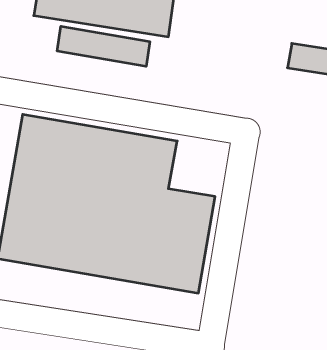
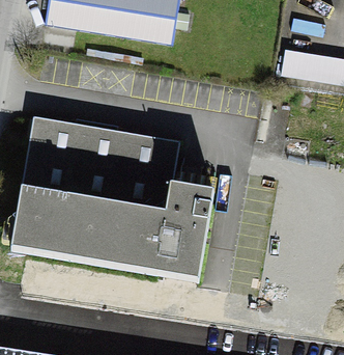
building: [57,26,150,66] -> none

